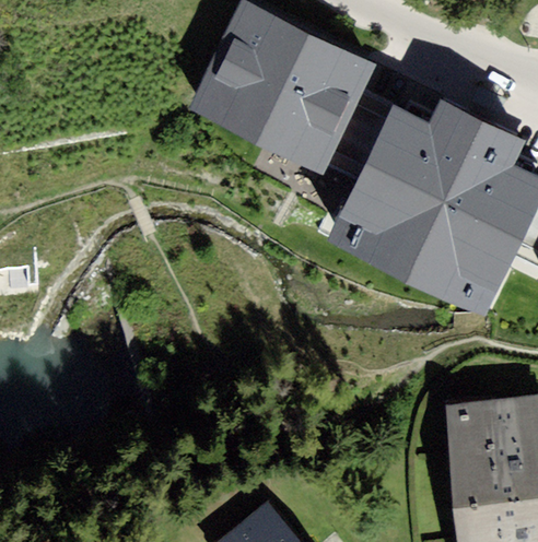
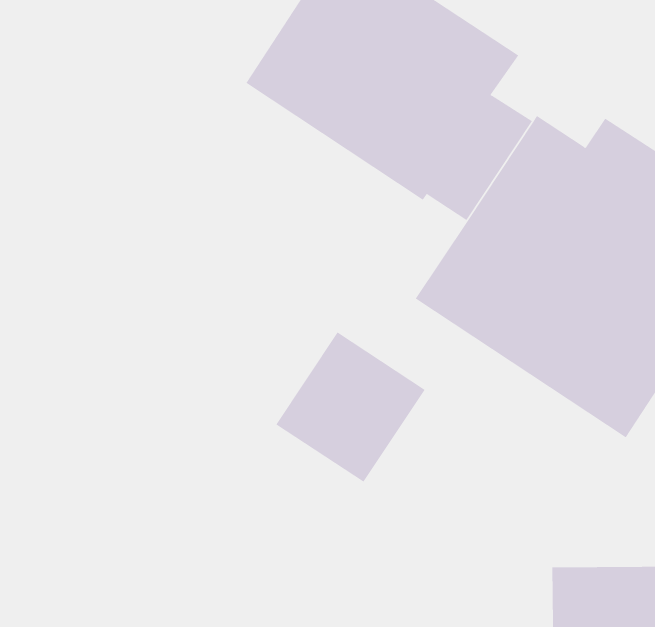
building: none -> [276,332,426,483]

